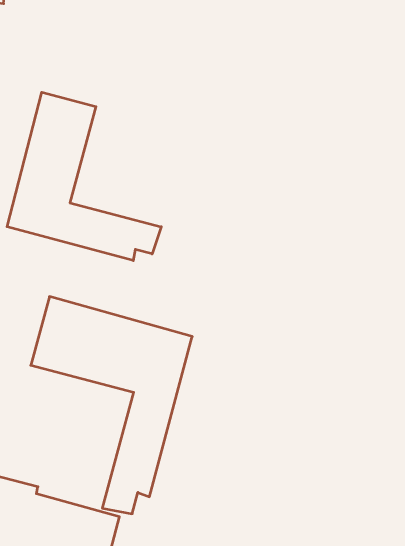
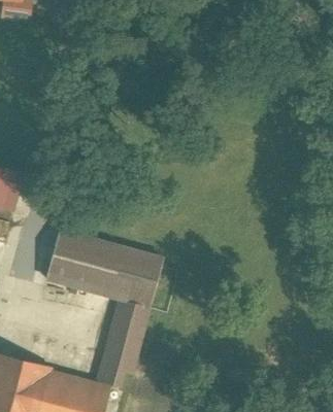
building: [7,92,161,261] -> none

